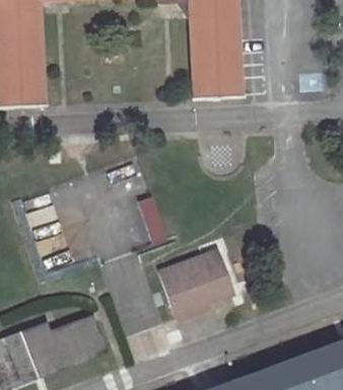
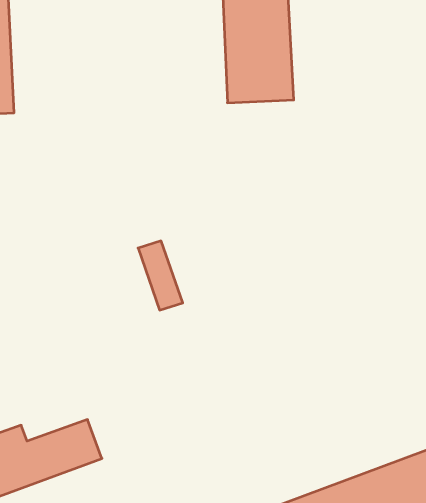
building: [159,250,231,320] -> none

